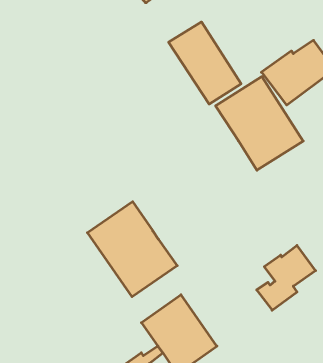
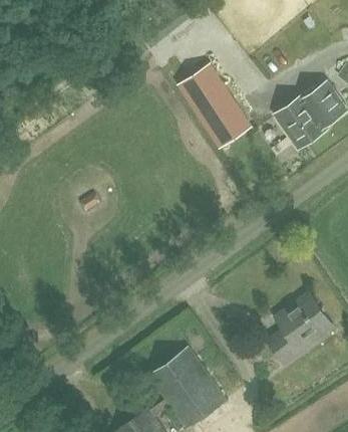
building: [216,77,303,170] -> none
building: [87,202,177,297] -> none

